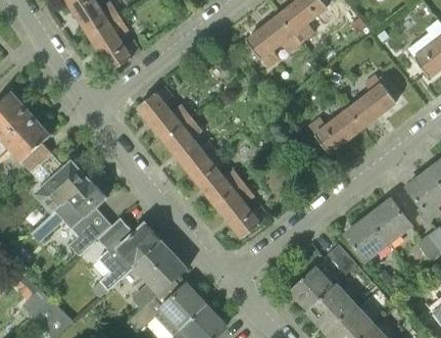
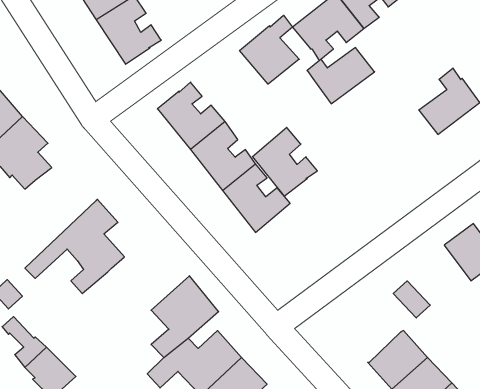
building: none -> [240,15,299,84]
building: [308,107,362,152] -> [307,48,375,104]
building: [31,153,89,234] -> none
building: [216,182,268,237] -> [252,127,317,196]
building: [344,215,389,261] -> none
building: [91,218,163,297] -> none
building: [289,265,333,309] -> none

